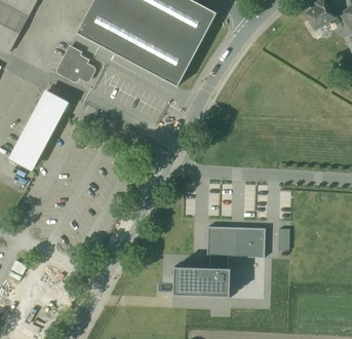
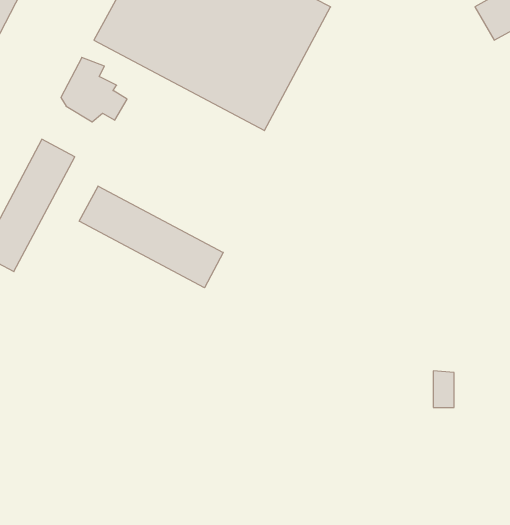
building: none -> [79,186,223,288]
building: [158,226,266,298] -> none

